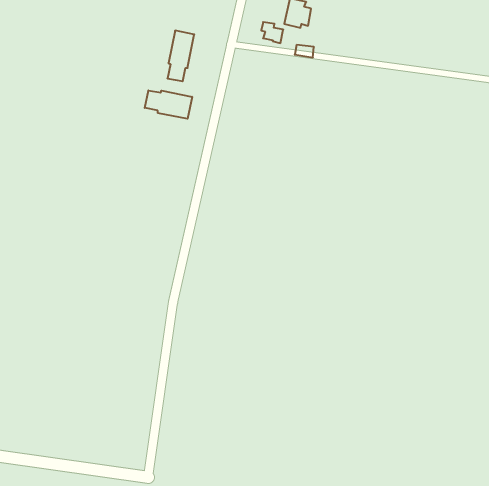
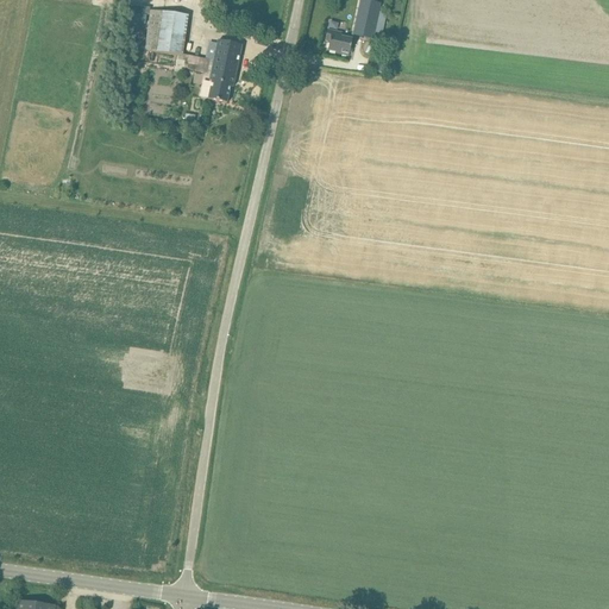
building: none -> [144,8,187,52]
building: [145,90,192,119] -> none

